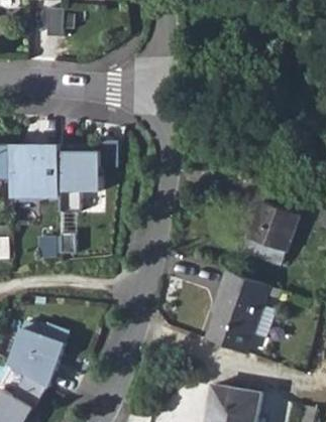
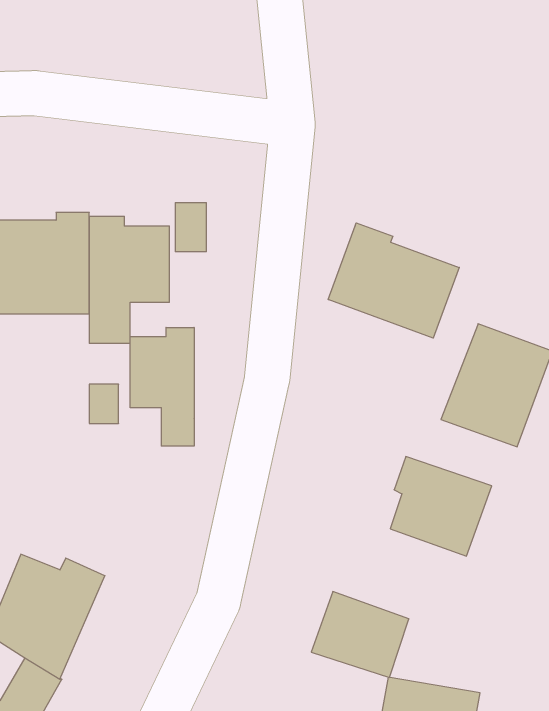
building: none -> [328,223,459,338]
building: none -> [130,327,194,446]
building: [204,308,254,353] -> [311,592,409,677]

